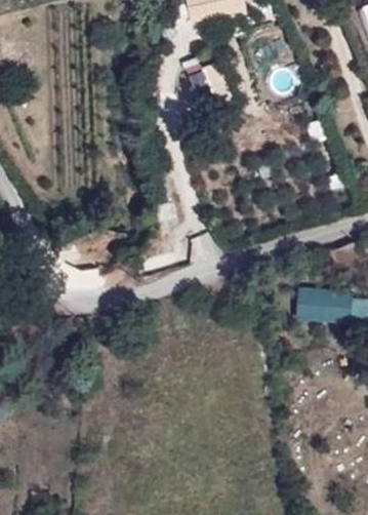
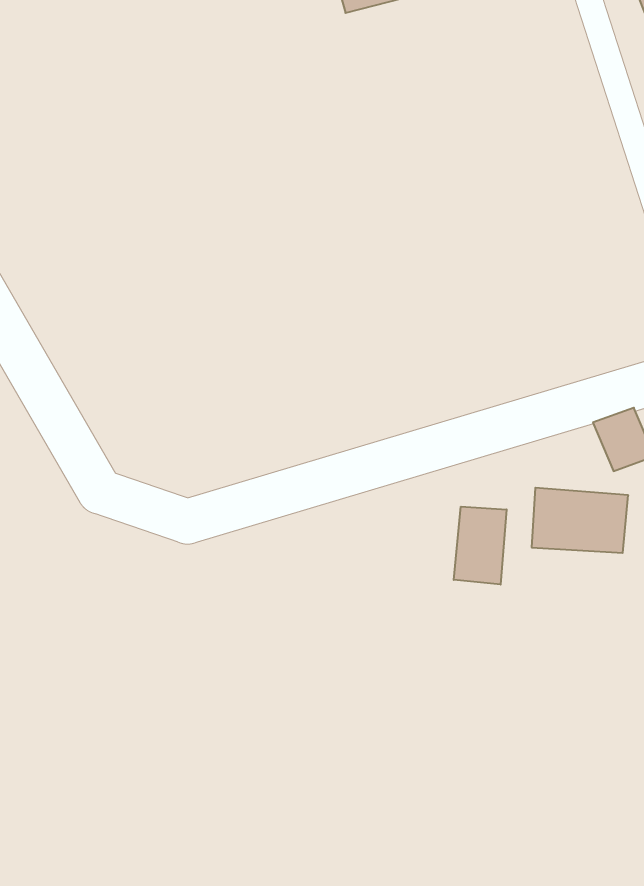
building: none -> [454,507,507,585]

